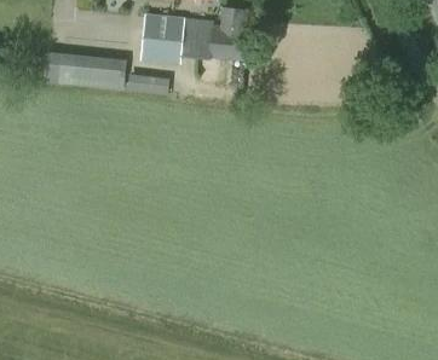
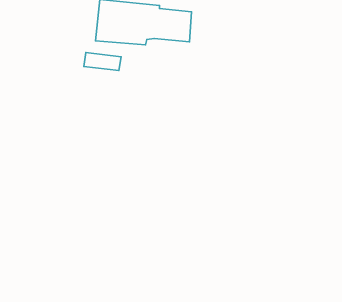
building: [44,52,127,89] -> none

